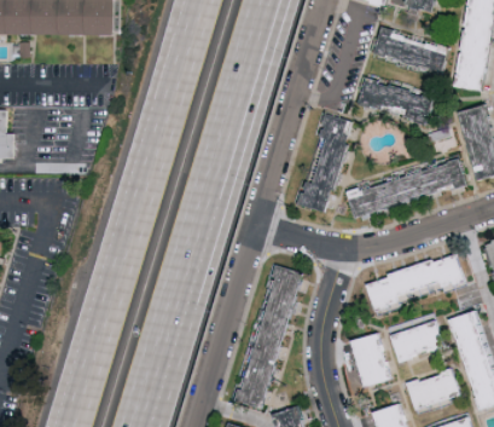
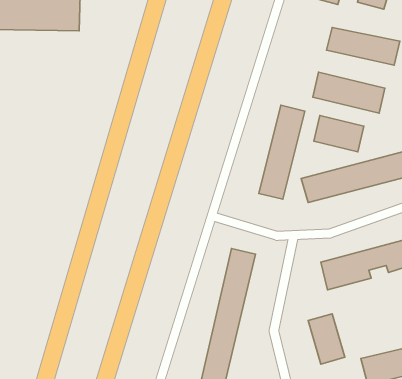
building: none -> [314,116,364,152]
building: [391,321,444,362] -> none

